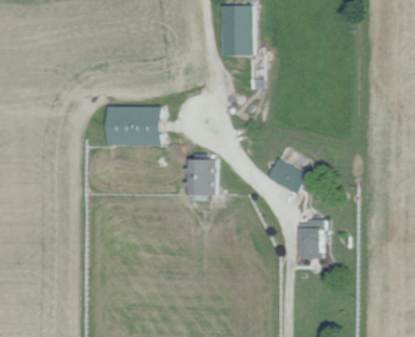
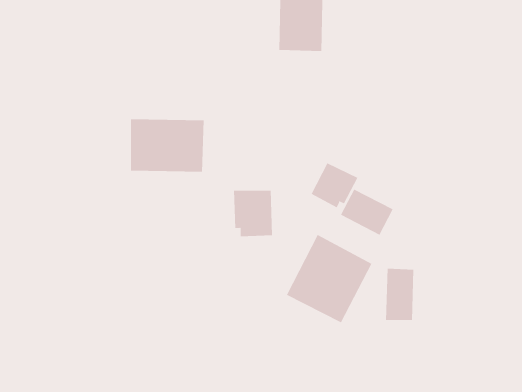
building: none -> [311,162,358,208]
building: none -> [286,234,372,323]

